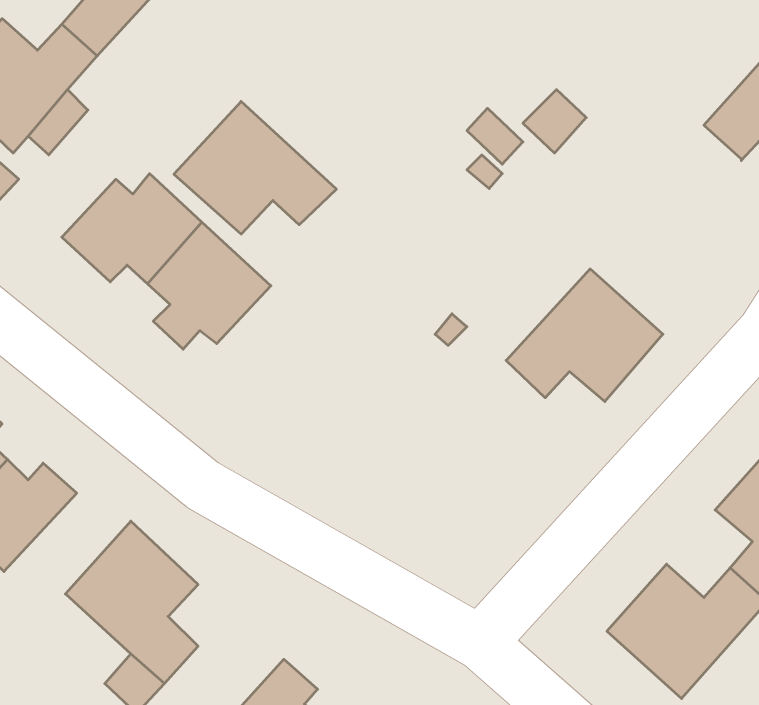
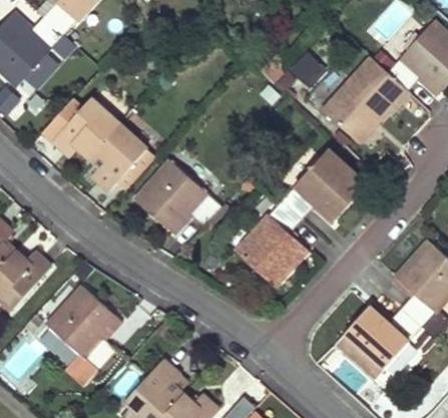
building: none -> [321,55,412,137]
building: [174,101,336,234] -> [134,160,221,232]
building: none -> [235,197,308,287]

